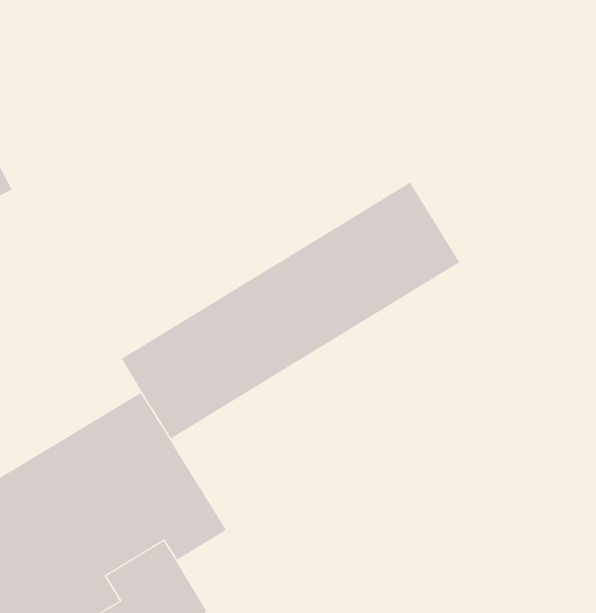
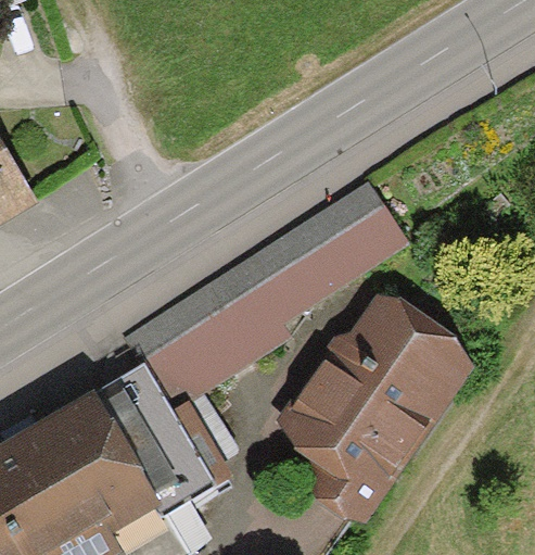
building: none -> [282,307,470,513]

